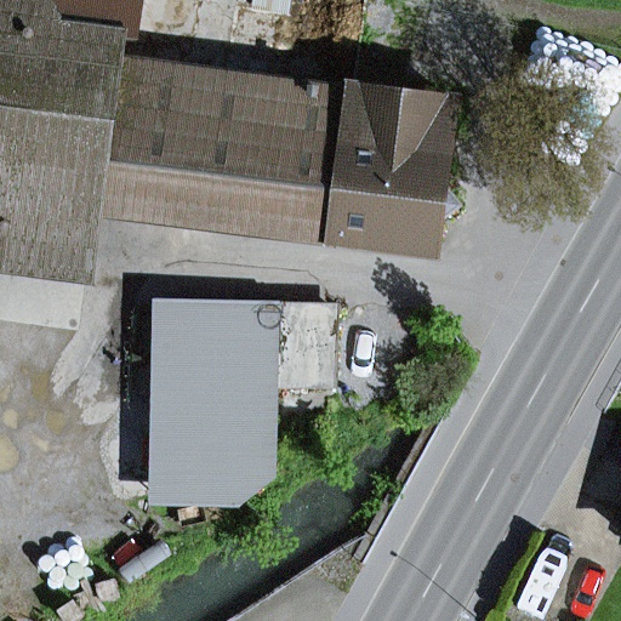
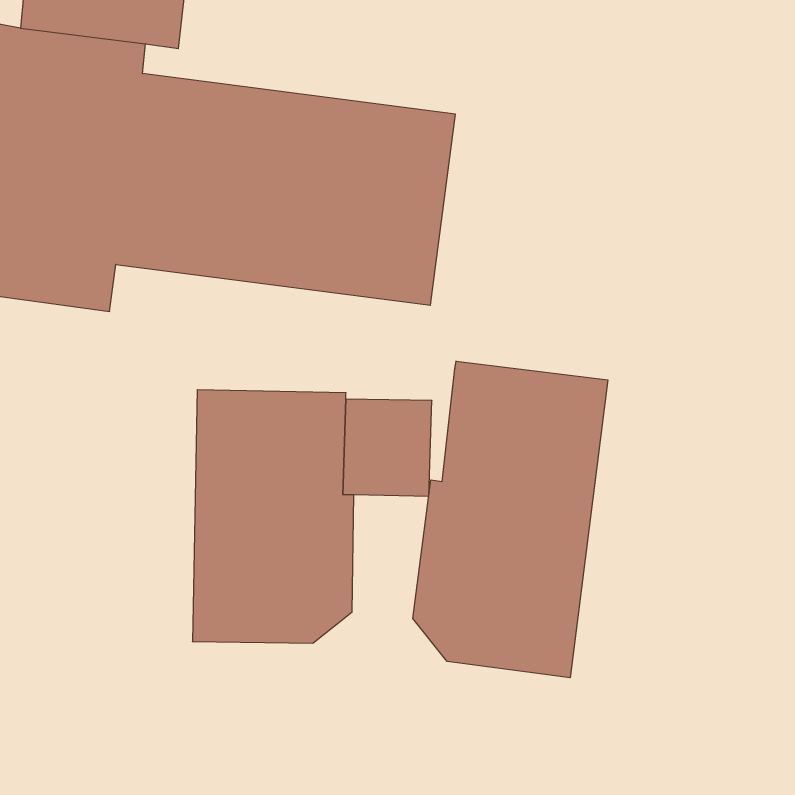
building: [334,89,455,249] -> none
building: none -> [413,361,608,678]

